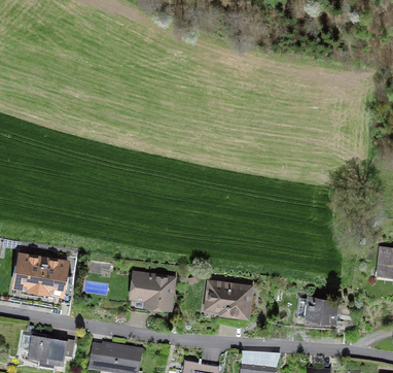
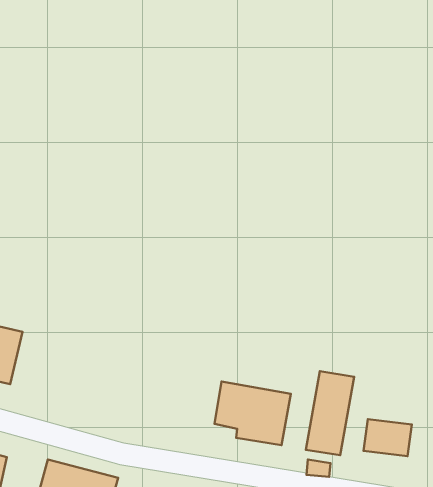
building: none -> [306,371,354,455]
building: [128,270,175,310] -> none

